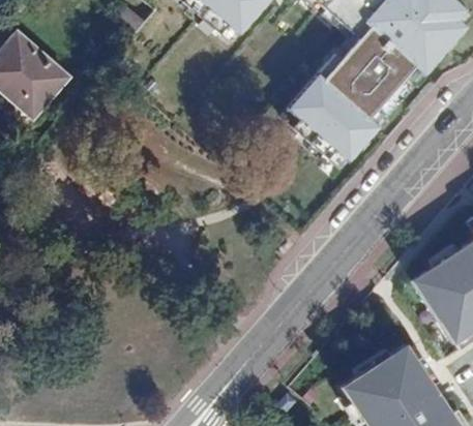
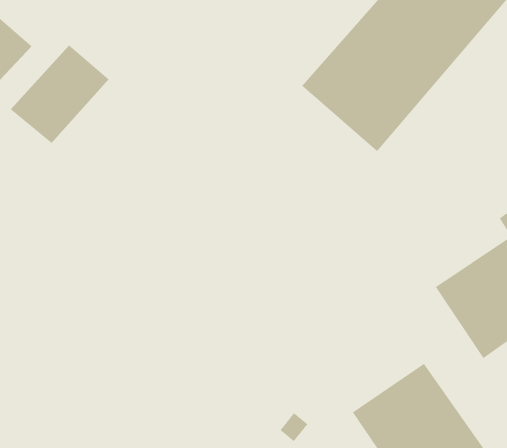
building: none -> [10,44,110,144]

